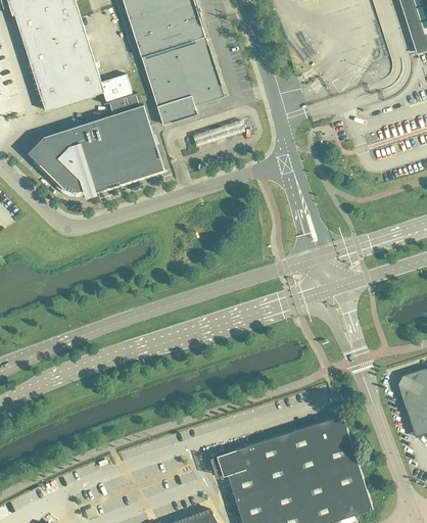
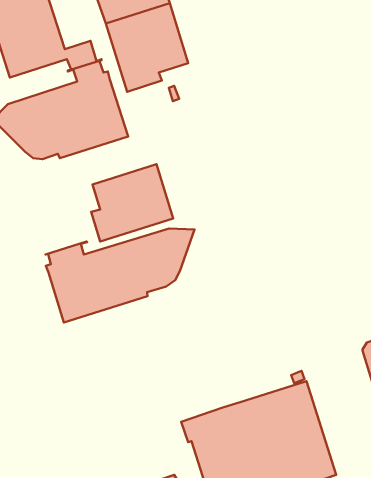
building: none -> [91,164,173,241]
building: none -> [46,228,194,322]

